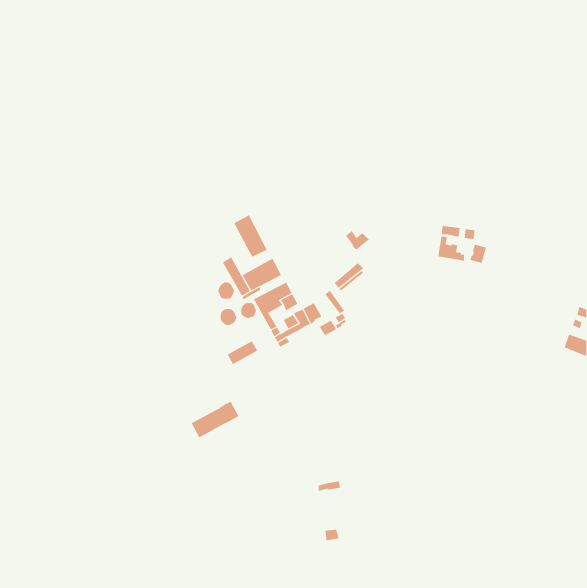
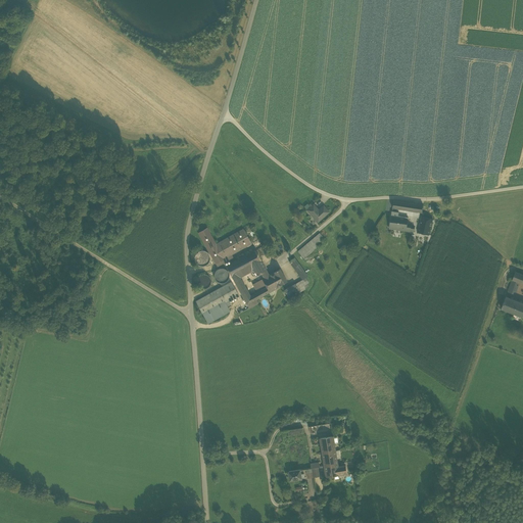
building: [233,215,267,257] -> none
building: [191,401,239,438] -> [194,282,237,315]
building: none -> [320,436,345,476]

